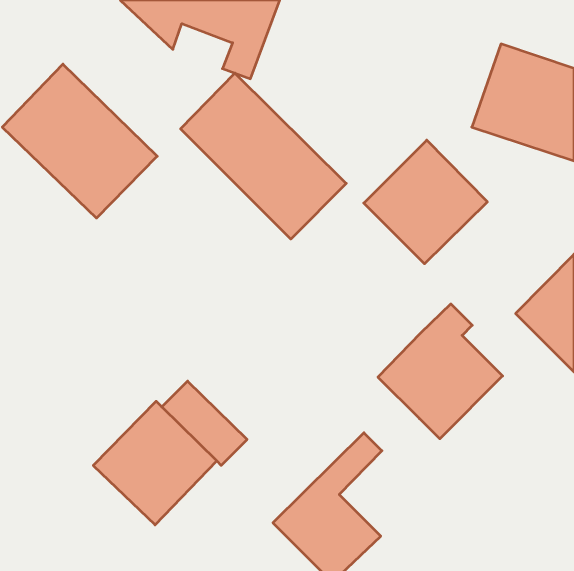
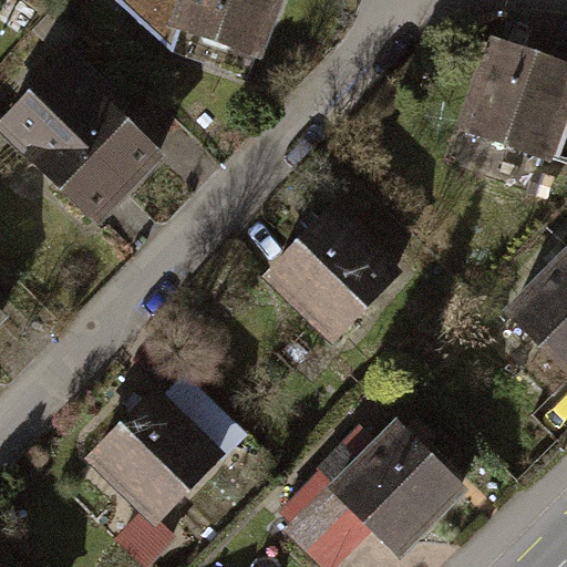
building: [181,73,346,239] -> none
building: [364,140,487,264] -> [270,216,392,338]
building: [378,304,503,439] -> [334,419,457,551]

